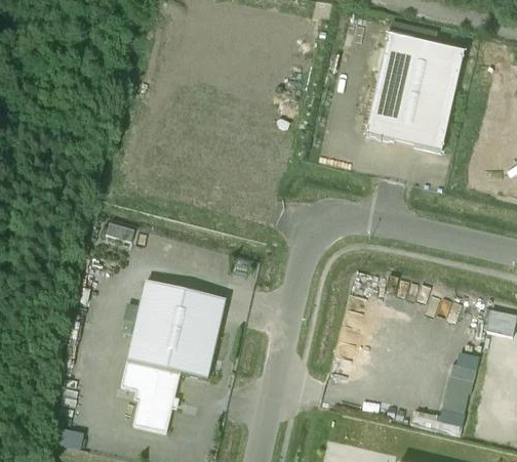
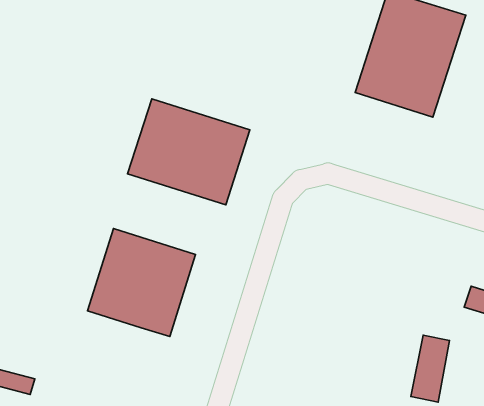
building: none -> [128,99,250,205]
building: [122,360,180,430] -> none

